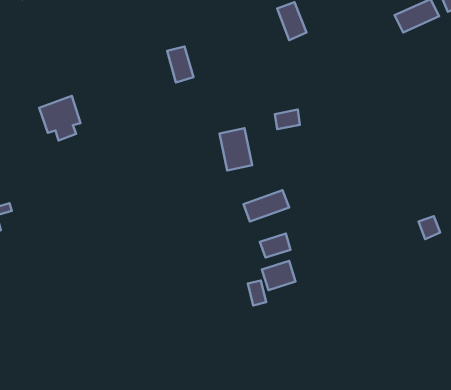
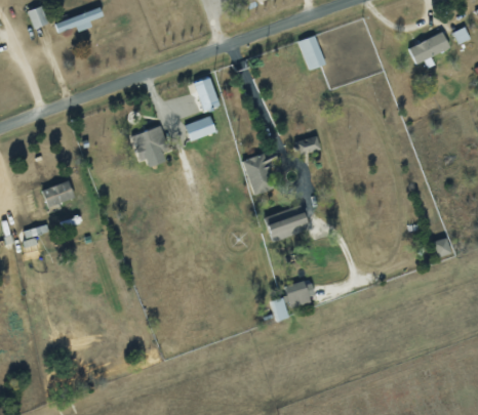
building: none -> [184,115,215,141]
building: [39,96,80,140] -> [130,125,169,167]
building: none -> [41,180,74,207]
building: [260,234,291,258] -> none

